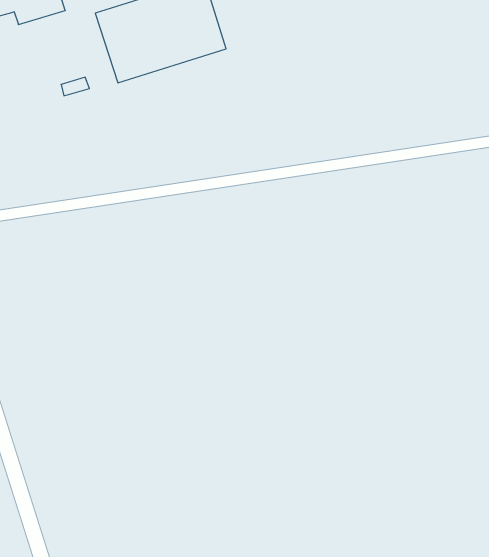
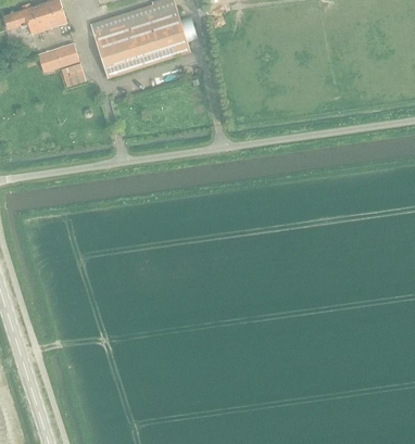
building: none -> [37,41,78,71]

